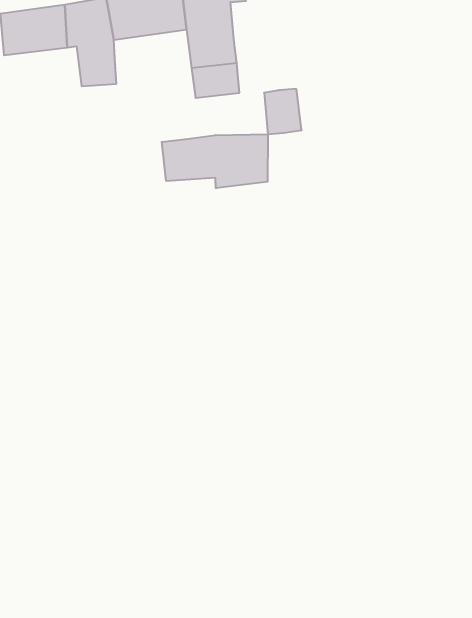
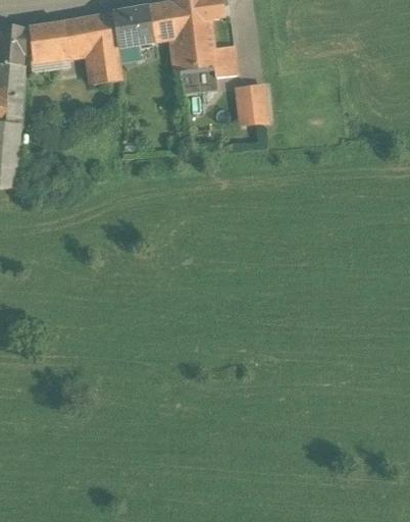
building: none -> [212,46,237,77]
building: [162,134,268,188] -> none

